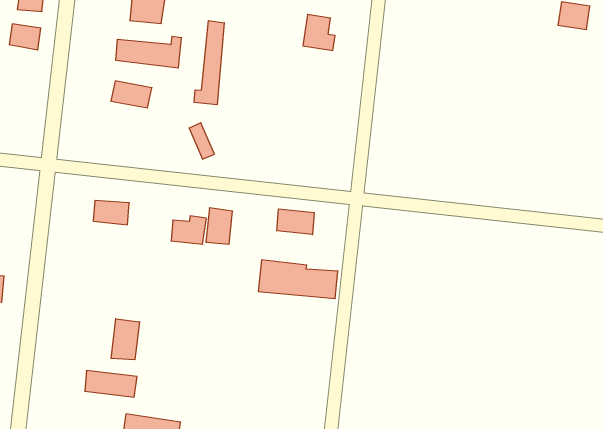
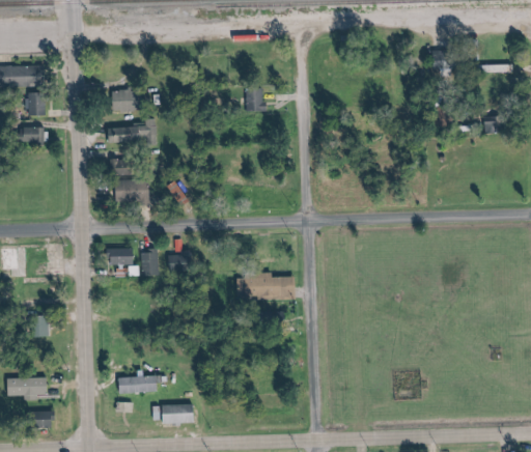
building: [194,21,224,105] -> none
building: none -> [115,180,149,203]
building: [206,208,233,244] -> [139,251,158,277]
building: [277,209,314,235] -> none
building: [111,319,139,360] -> none

